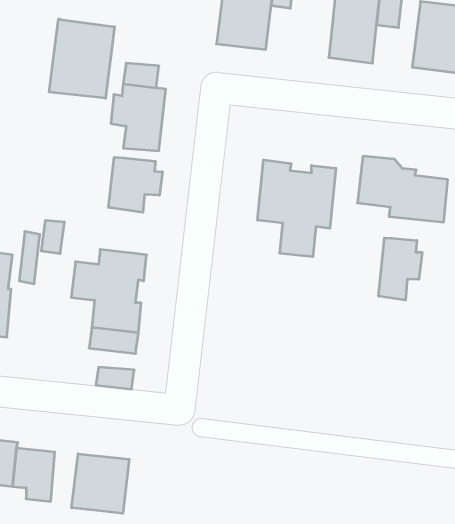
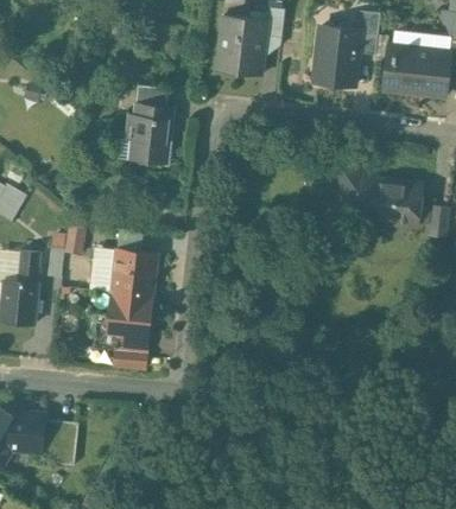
building: [49,19,115,98] -> none
building: [109,157,162,212] -> none
building: [258,160,336,257] -> none
building: [379,238,422,300] -> none
building: [72,454,129,513] -> none

